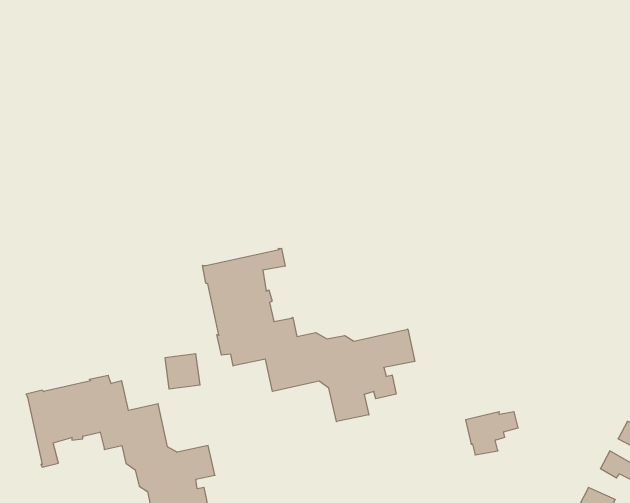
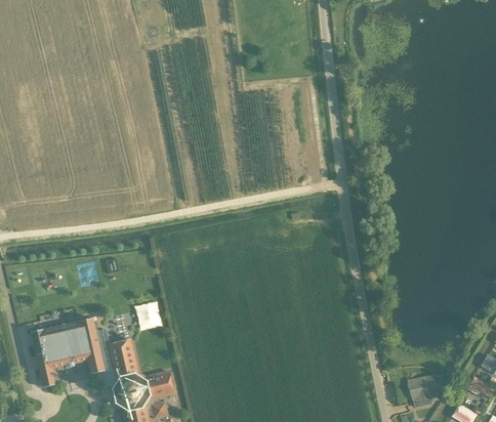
building: [203,248,415,422] -> none
building: [466,412,518,455] -> [409,375,449,408]

